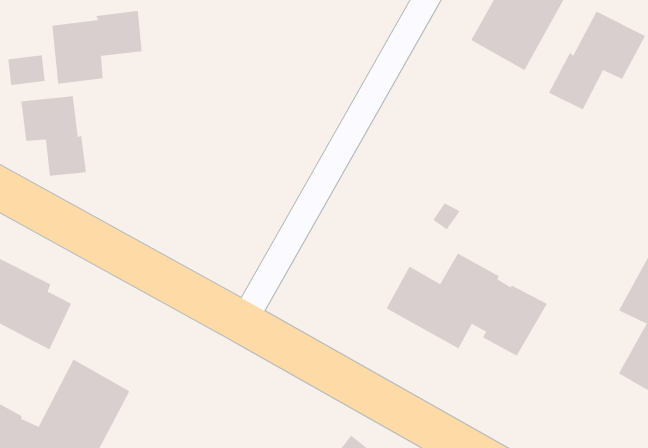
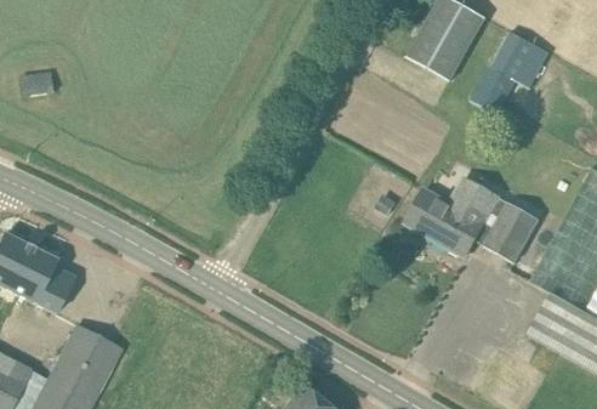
building: [52,10,142,84] -> none
building: [21,96,86,176] -> none
building: [386,253,548,357] -> [405,176,540,262]

